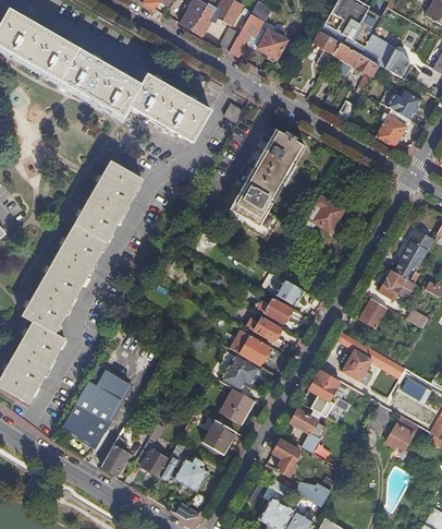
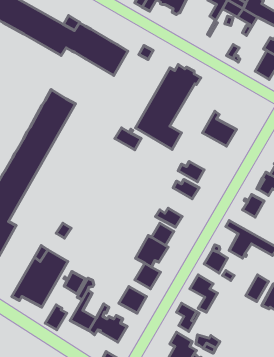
building: none -> [115,128,141,150]
building: [258,297,292,323] -> [178,162,204,182]
building: none -> [64,271,85,294]

